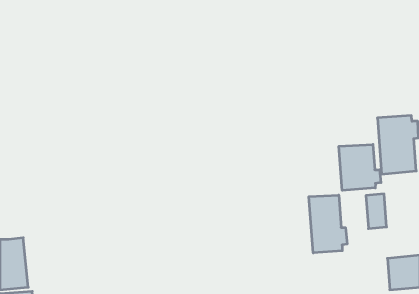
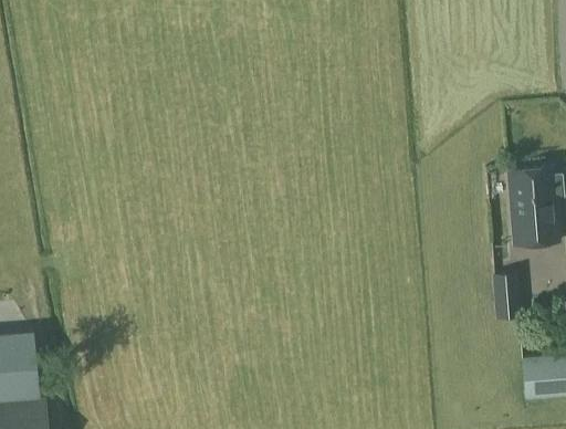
building: [339,144,381,190] -> none
building: [309,195,347,253] -> none

